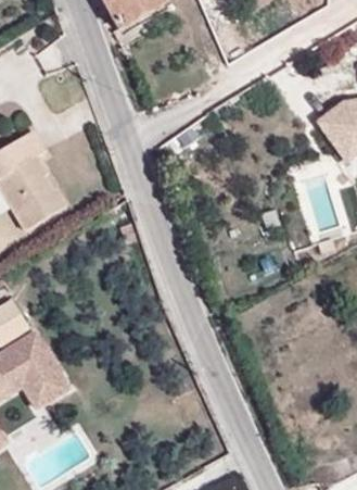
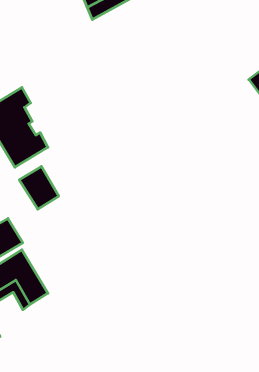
building: none -> [19,166,59,209]

